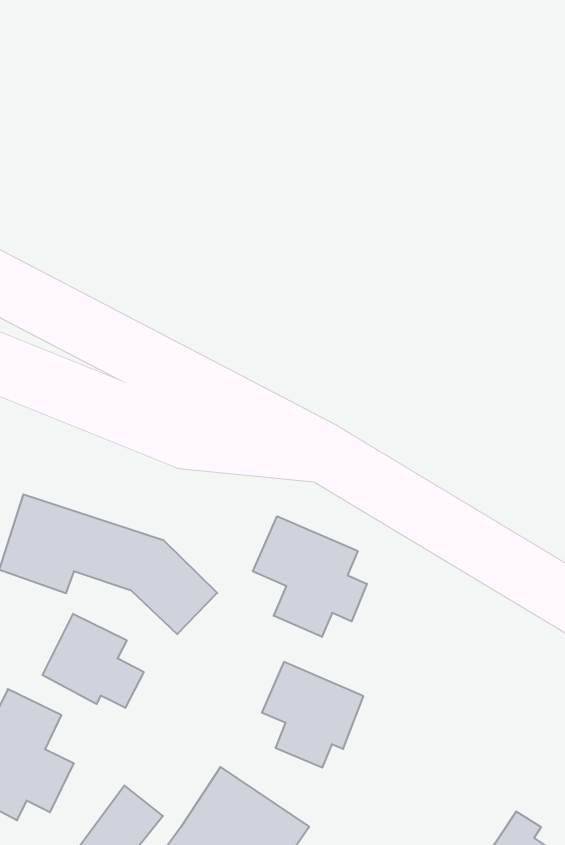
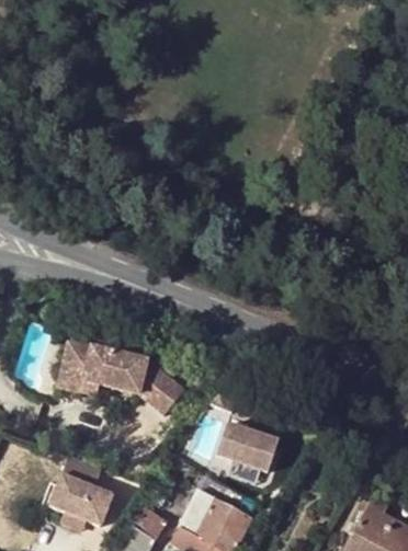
building: [253,516,367,637] -> none
building: [43,614,144,708] -> none

